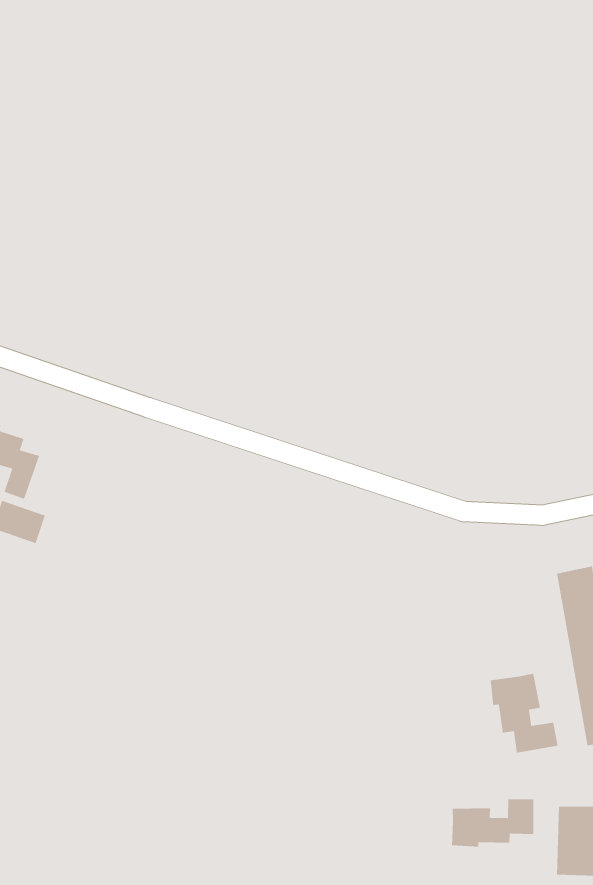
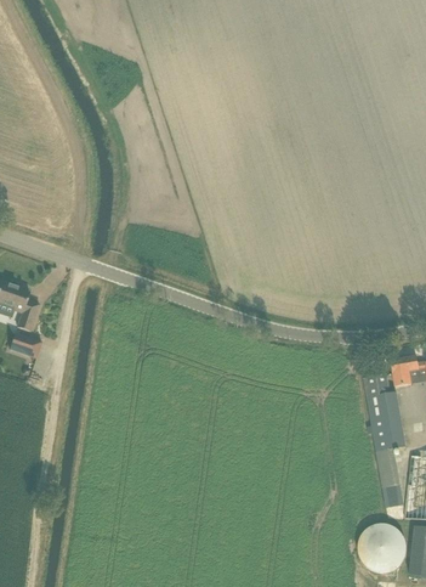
building: [490,673,558,754] -> none
building: [451,799,534,847] -> none

